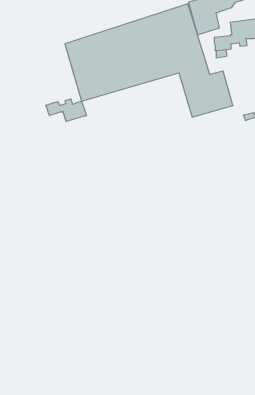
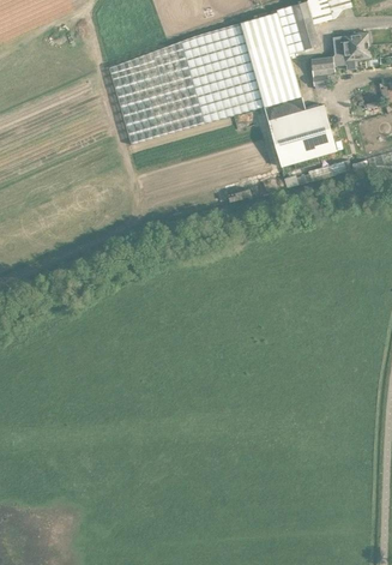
building: [46,99,86,122] -> none

